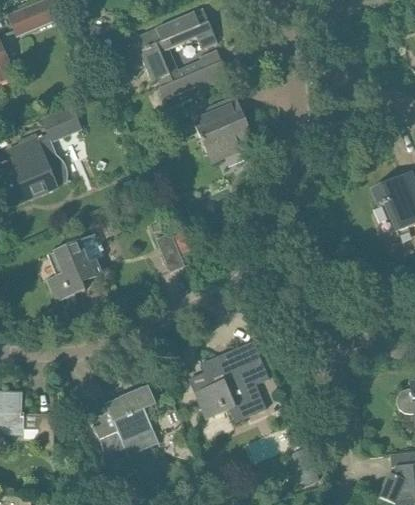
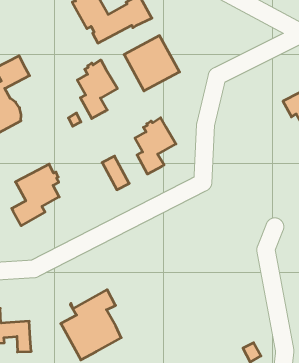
building: none -> [77,60,117,119]
building: none -> [135,118,176,174]
building: [193,343,269,421] -> none

